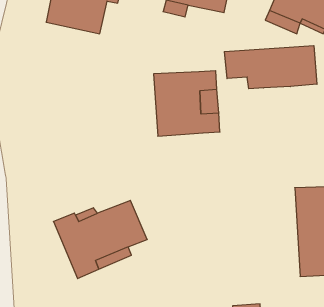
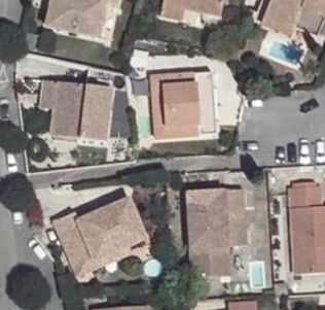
building: [224,46,317,89] -> none
building: none -> [39,79,112,141]
building: none -> [186,187,246,277]

